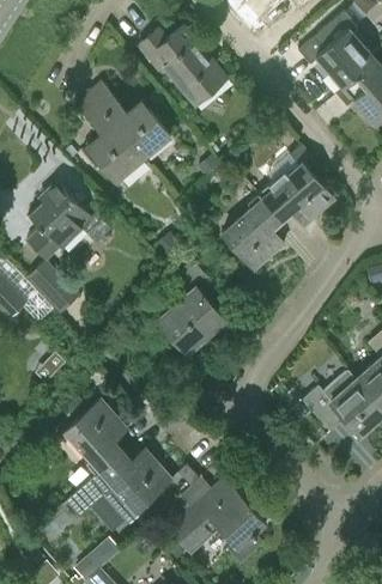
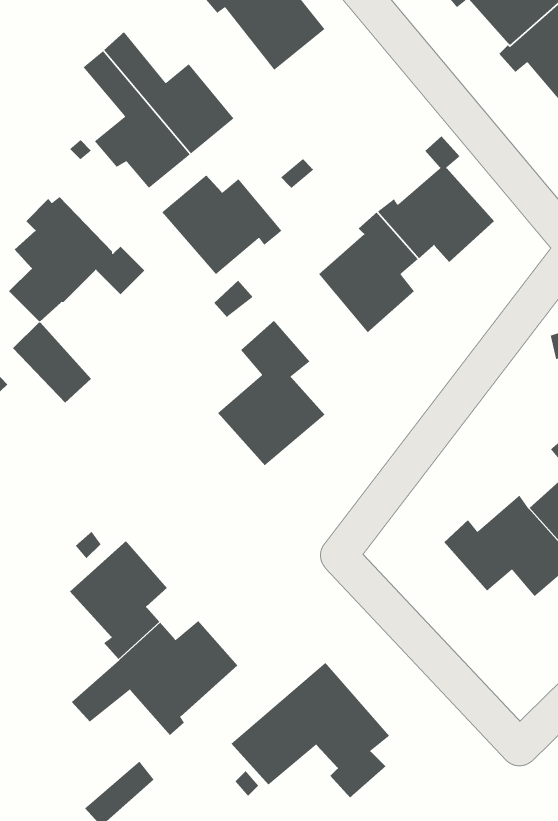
building: none -> [161,175,282,275]

